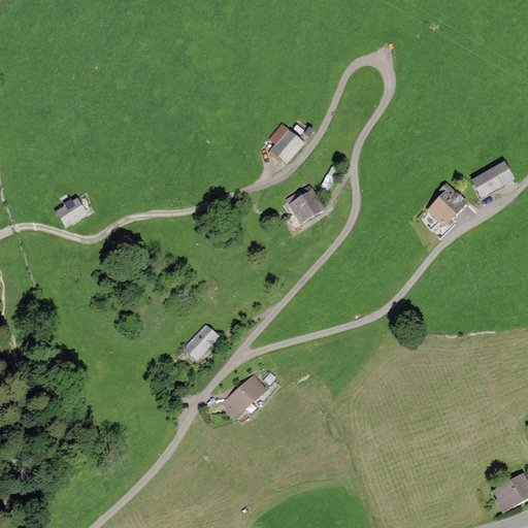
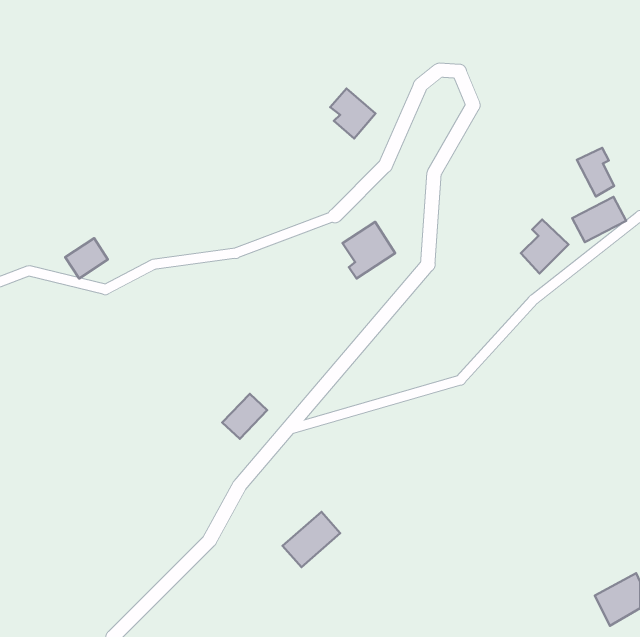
building: none -> [577,148,614,196]
building: [267,122,304,163] -> [330,88,375,139]
building: [221,373,268,419] -> [283,512,340,567]

